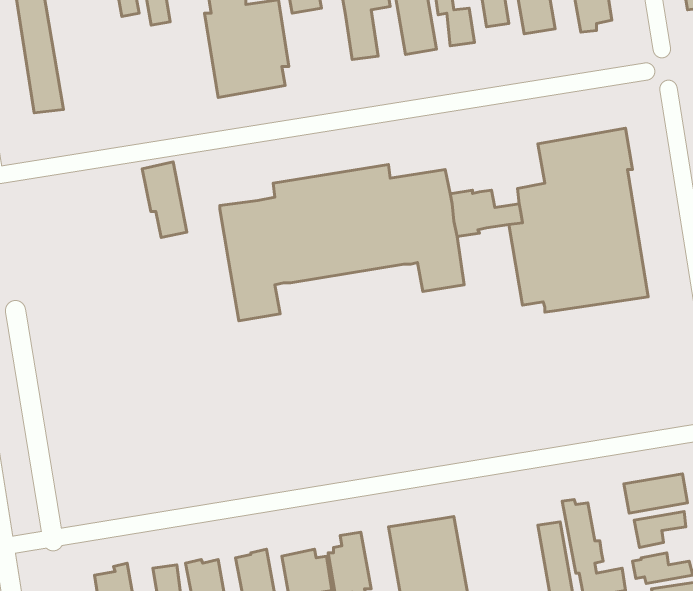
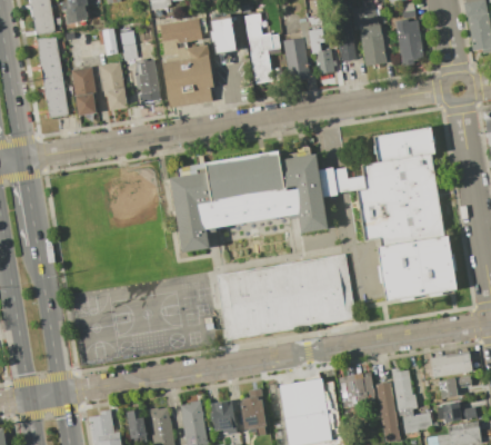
building: none -> [138,59,161,102]
building: none -> [71,66,97,116]
building: [142,162,187,237] -> [99,61,128,110]
building: none -> [378,236,457,300]
building: none -> [219,254,357,340]
building: none -> [339,372,375,406]

